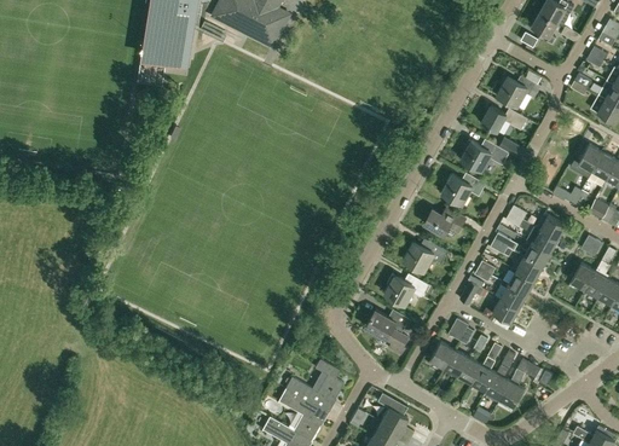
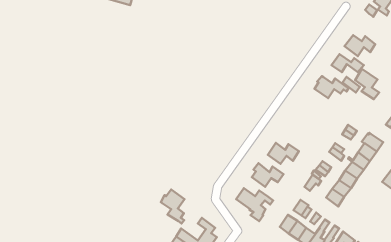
building: none -> [355,69,379,99]
building: [442,175,486,204] -> none
building: [424,208,465,234] -> none
building: none -> [161,189,184,223]

